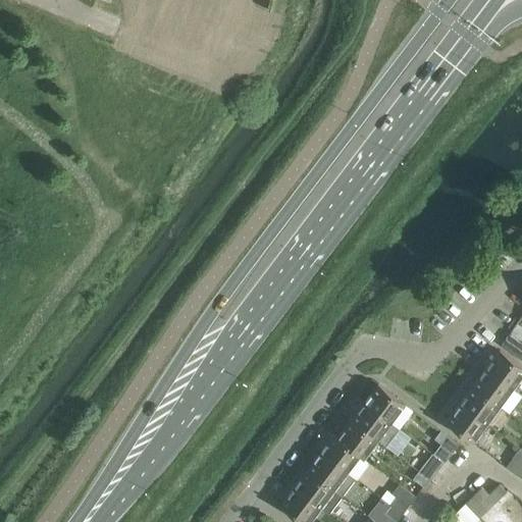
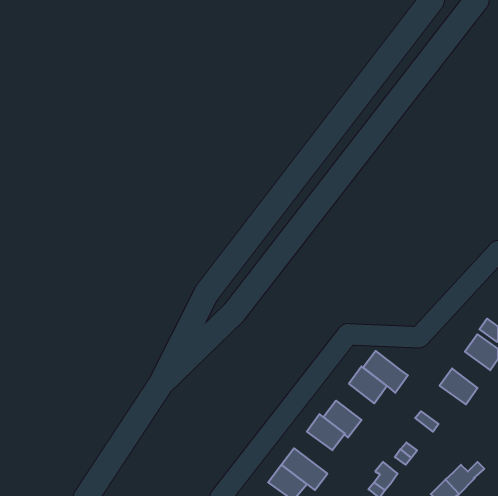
building: [473,370,513,408] -> none
building: [352,404,399,448] -> [363,351,408,393]
building: [447,406,487,443] -> none
building: [308,454,357,498] -> none

